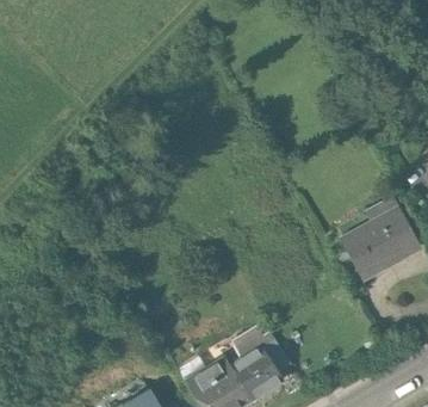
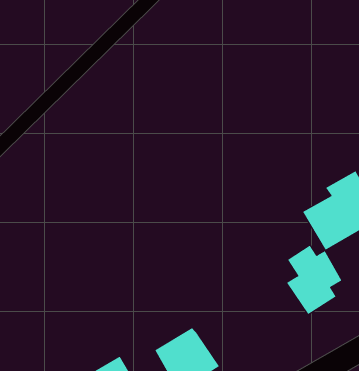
building: [230,327,289,400] -> [286,245,342,315]

